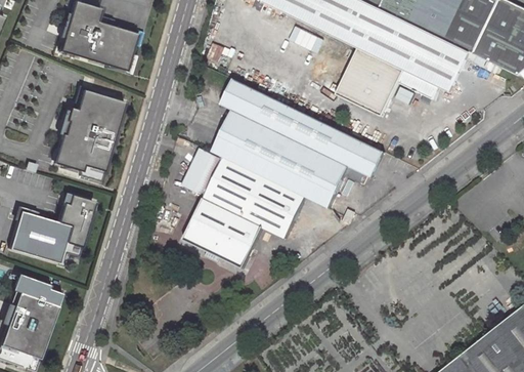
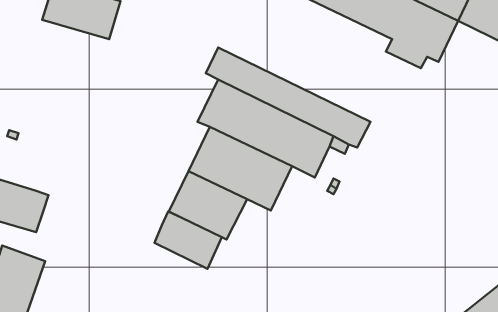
building: [337,46,406,114] -> none
building: [51,88,123,176] -> none
building: [188,154,219,196] -> none
building: [52,194,89,246] -> none
building: none -> [155,212,222,269]

